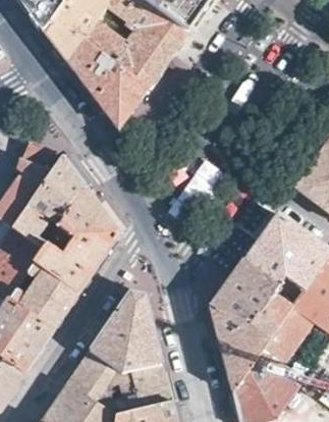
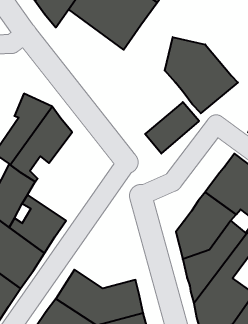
building: [67,41,148,129] -> none
building: none -> [165,37,238,113]
building: [34,187,119,292] -> none
building: [90,292,162,372] -> none

